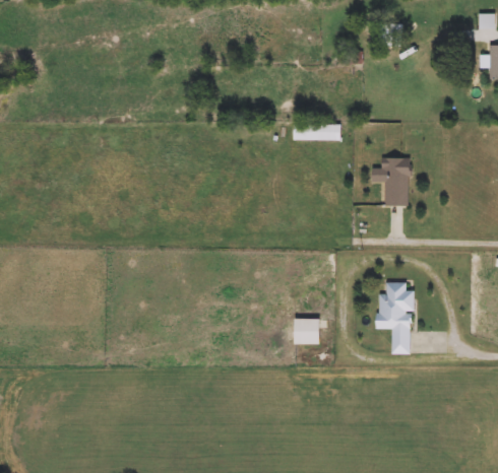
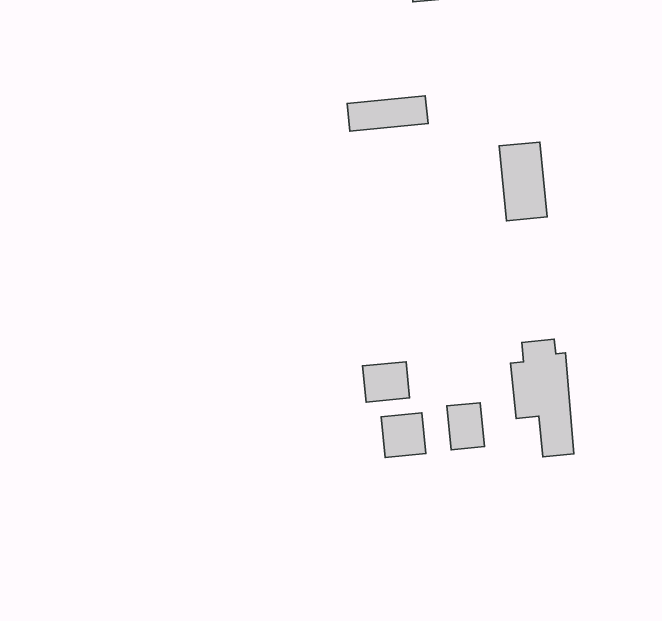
building: none -> [363,362,410,402]
building: none -> [447,403,484,450]

